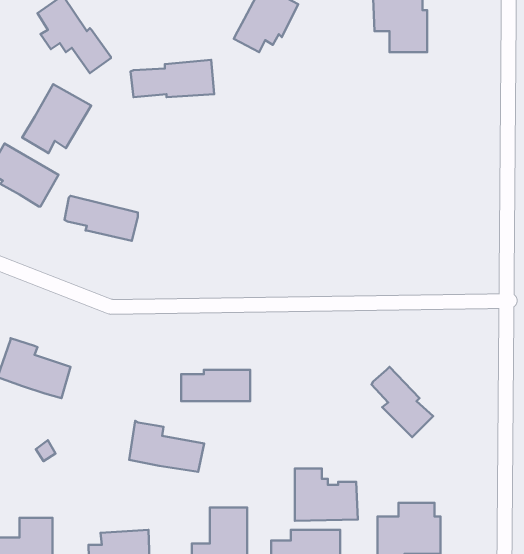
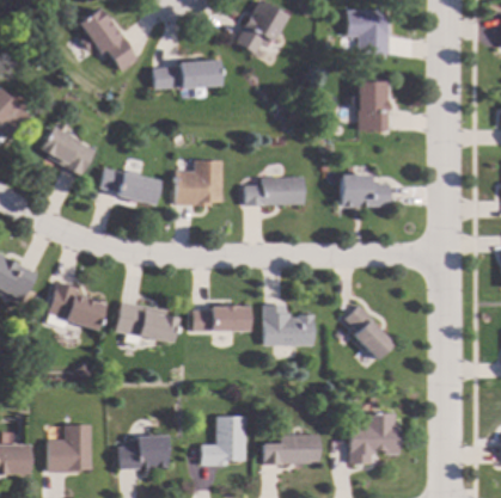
building: [22,84,91,153] -> none
building: none -> [353,80,390,129]
building: none -> [176,160,222,207]
building: none -> [341,174,391,207]
building: none -> [244,176,304,204]
building: [129,421,204,472] -> [117,300,177,340]
building: [295,469,358,521] -> [264,303,314,345]

